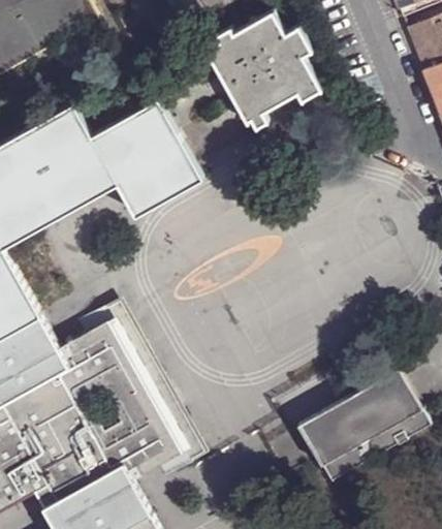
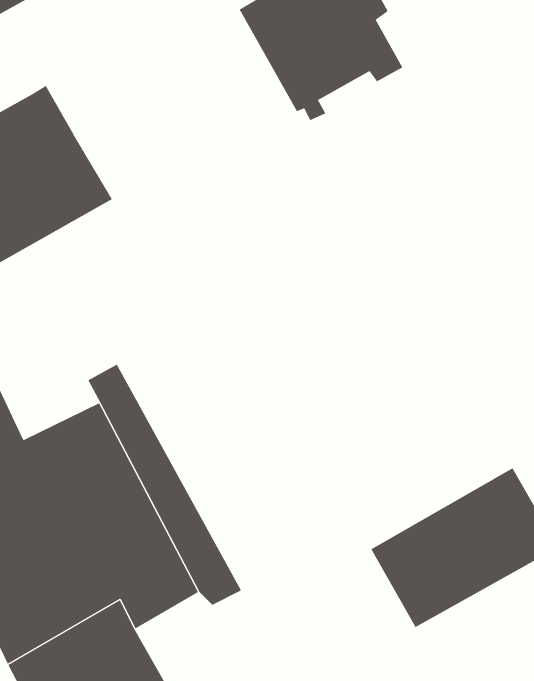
building: [91,100,201,216] -> none

